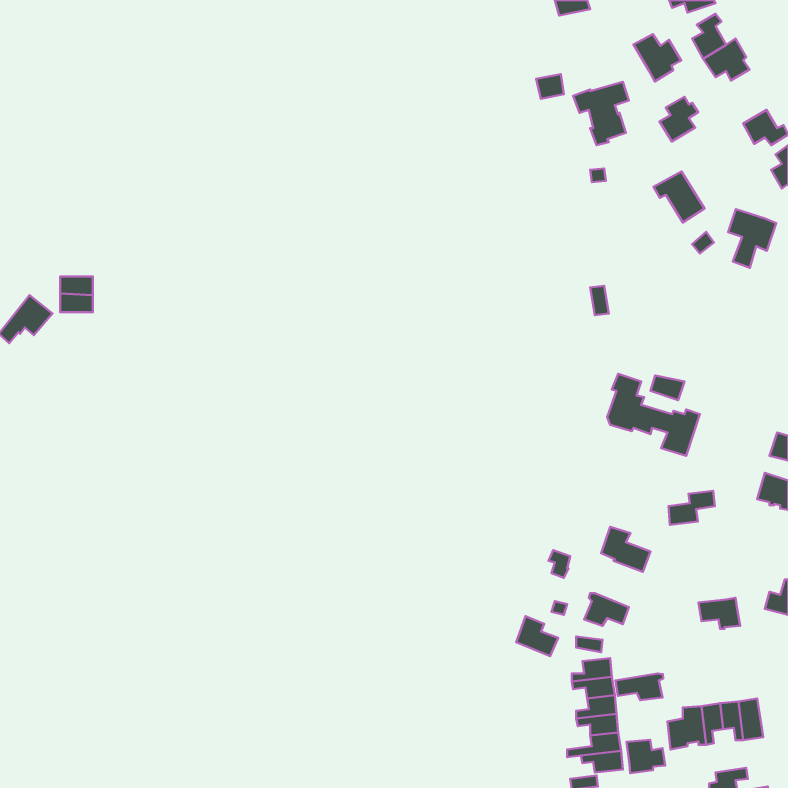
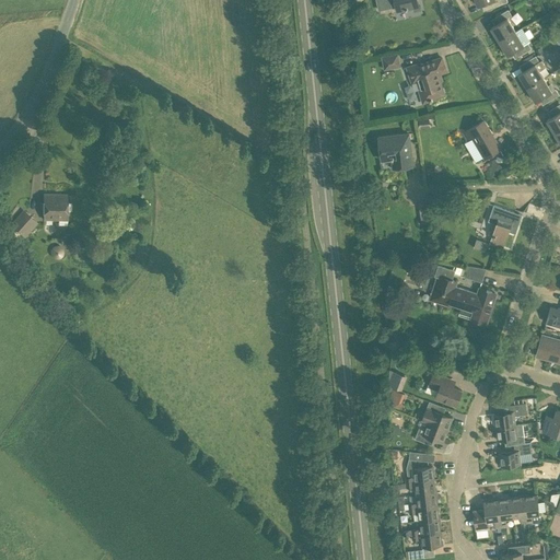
building: [633,34,681,82] -> none
building: [660,97,698,141] -> [517,57,545,89]
building: none -> [377,135,411,168]
building: [728,209,776,268] -> [487,206,521,247]
building: [668,491,715,525] -> [493,404,526,428]
building: [516,616,558,656] -> [421,402,451,431]
building: none -> [499,443,532,467]
building: [615,674,663,700] -> none
building: [626,740,665,773] -> none

